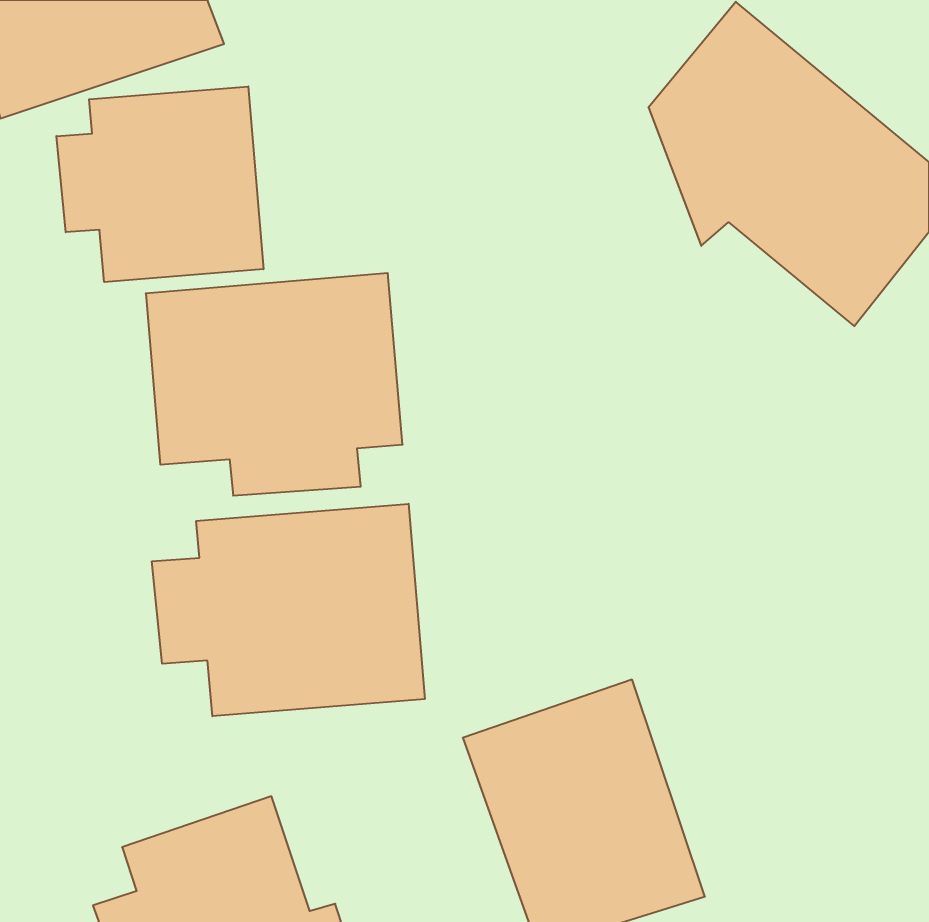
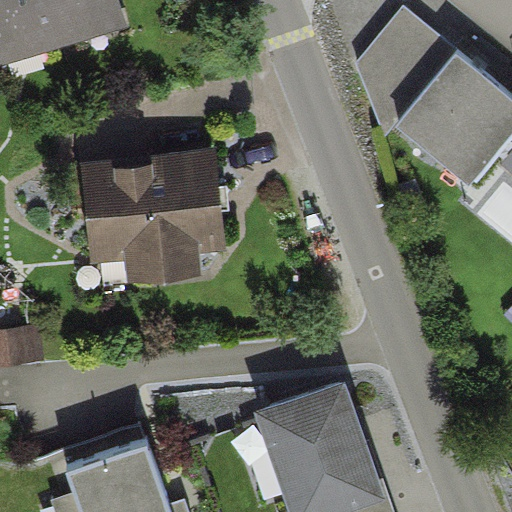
building: [56,86,263,282] -> none
building: [152,504,425,716] -> none

